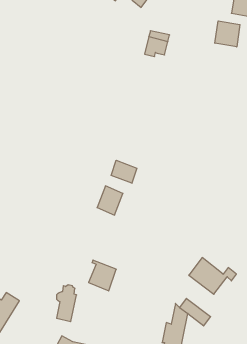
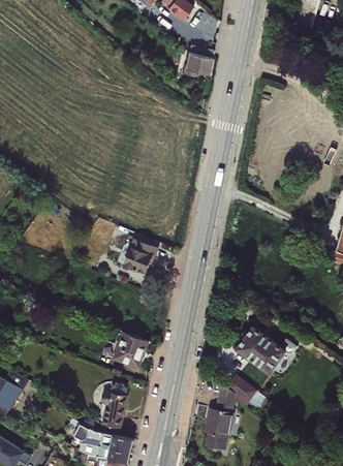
building: [215,21,240,47] -> none
building: [111,160,137,183] -> none
building: [57,285,77,322] -> [102,382,127,428]

